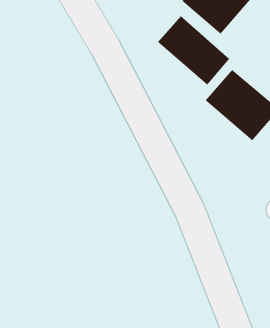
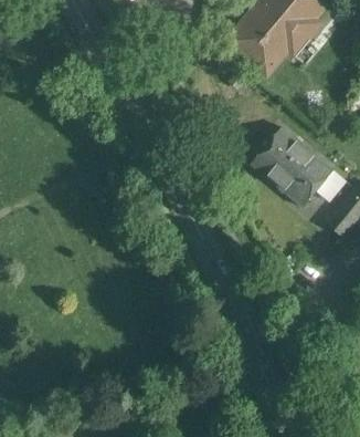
building: [157,15,230,85] -> none

